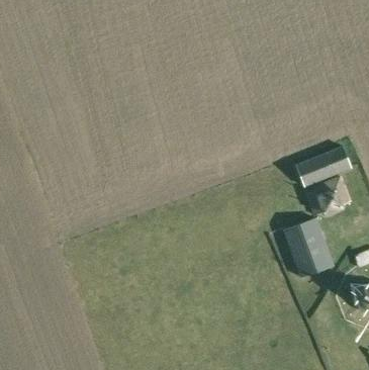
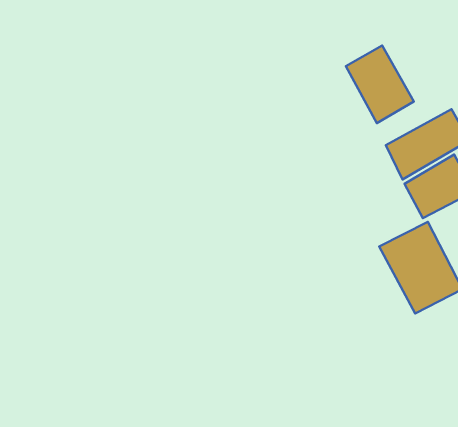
building: none -> [346,46,414,123]

